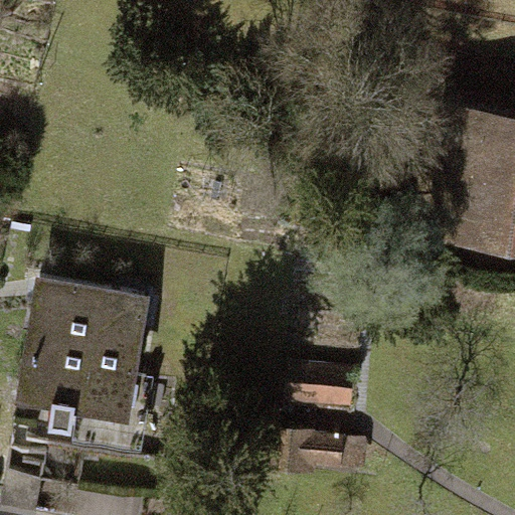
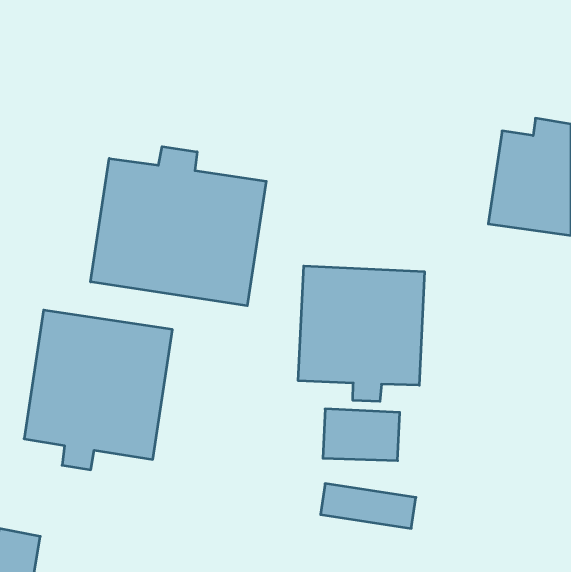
building: none -> [91,147,266,306]
building: none -> [298,266,424,401]

